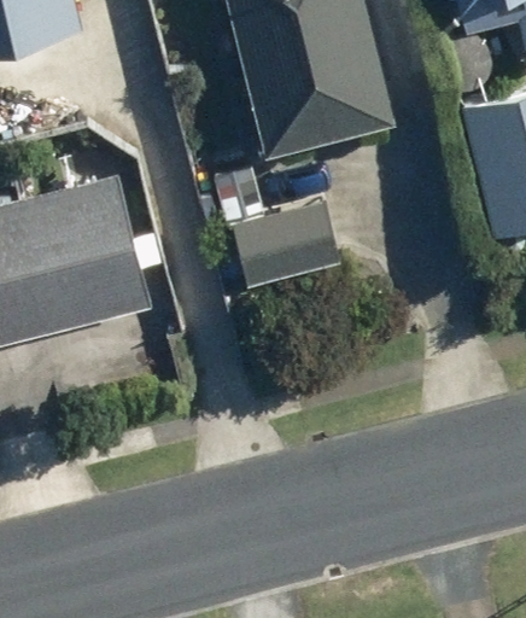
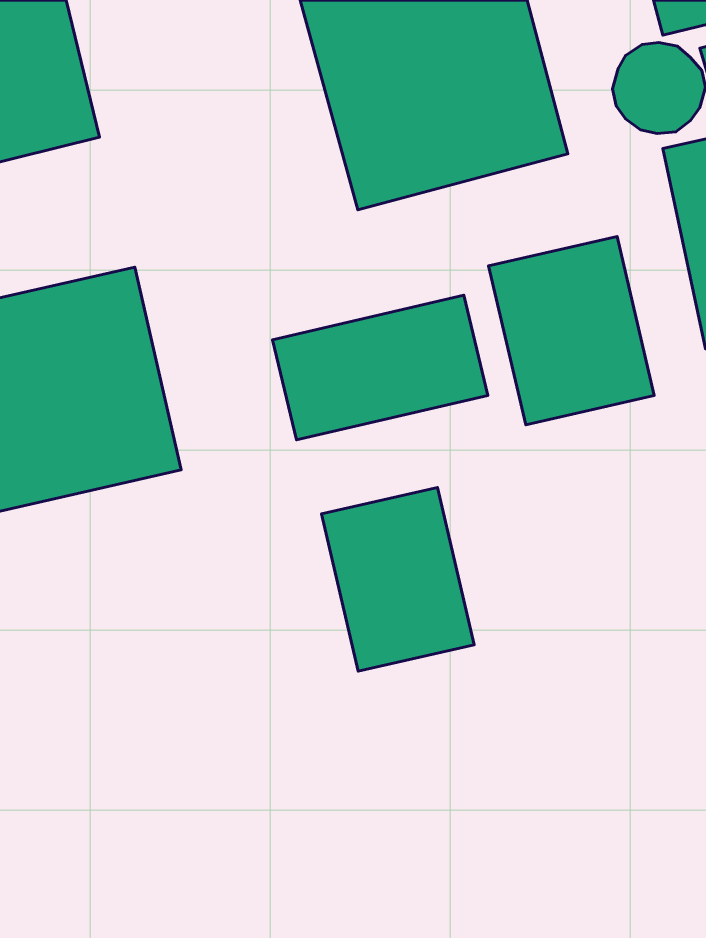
building: none -> [489,237,654,425]
building: none -> [322,487,474,671]

